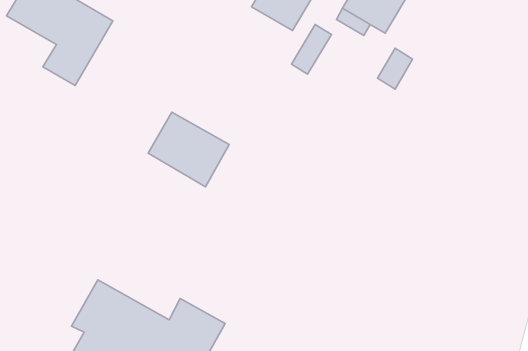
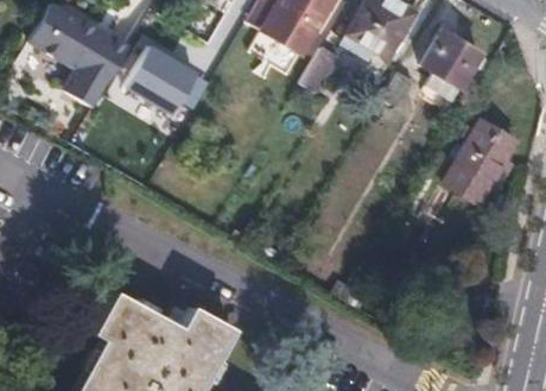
building: none -> [421,30,481,88]
building: none -> [443,119,516,203]
building: [148,112,229,187] -> [134,45,211,116]

